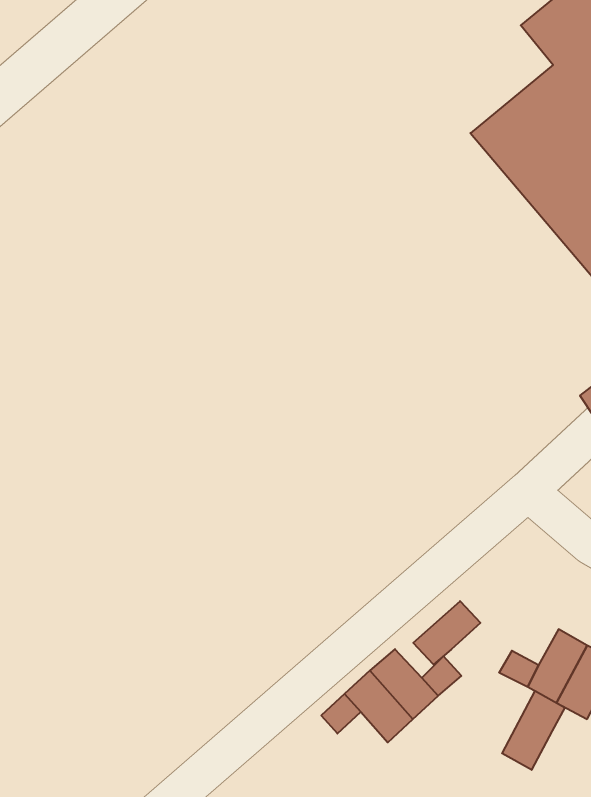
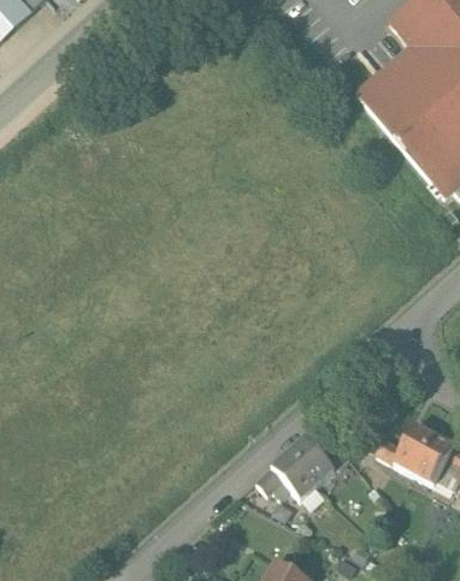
building: [413,601,480,665] -> none
building: [502,691,565,770] -> none

